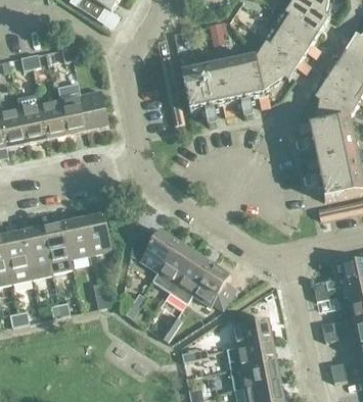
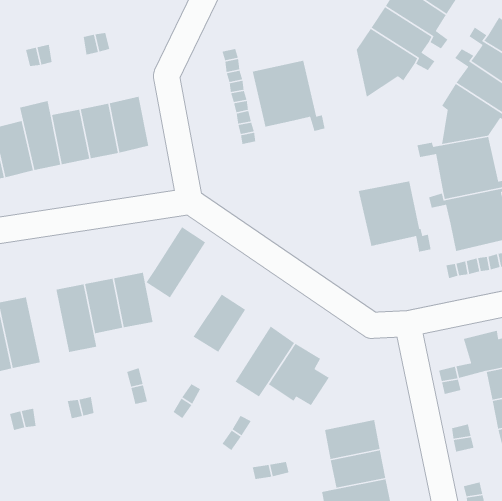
building: [218,57,270,108] -> [358,180,431,253]
building: [21,227,52,279] -> none
building: [151,241,194,292] -> [146,226,206,298]

